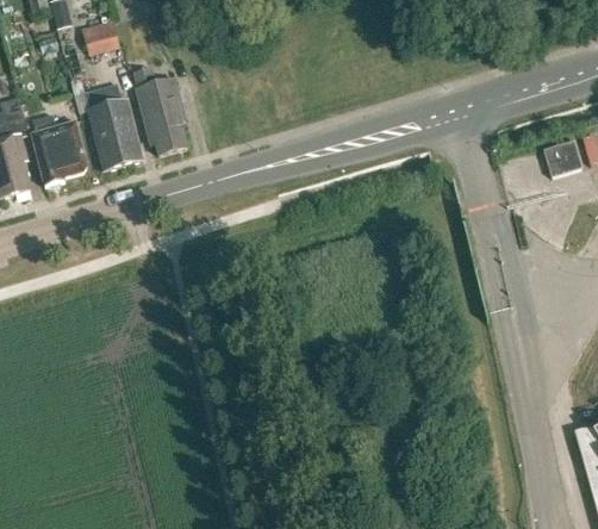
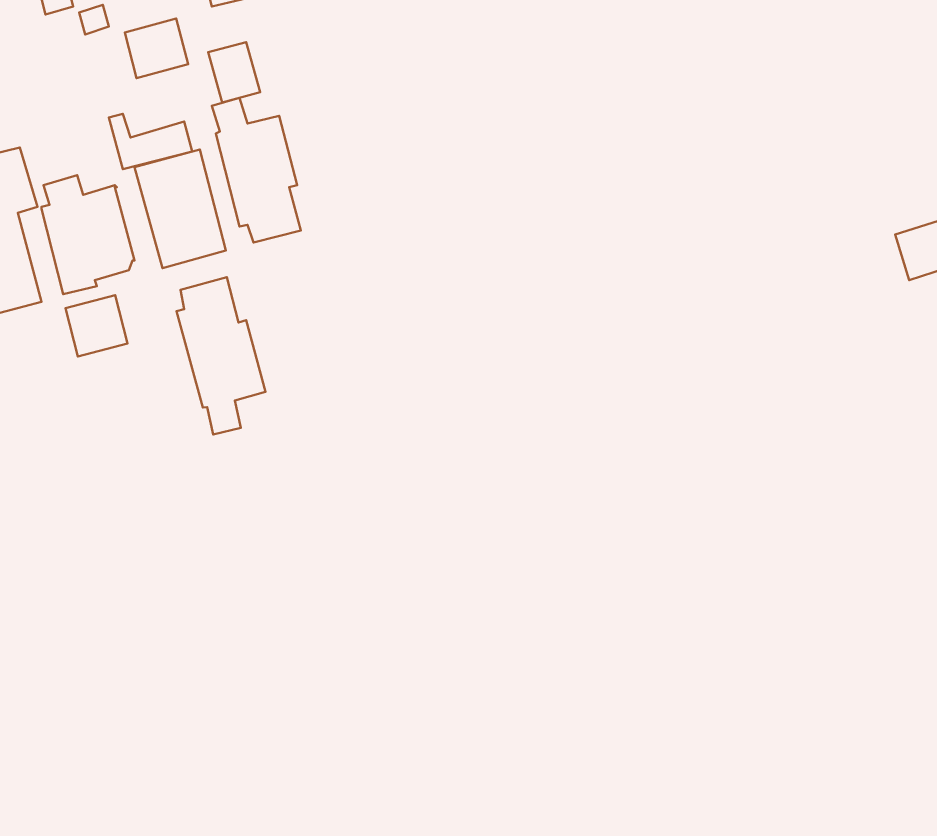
building: none -> [208,42,260,103]
building: none -> [177,277,266,435]
building: none -> [66,295,127,357]

